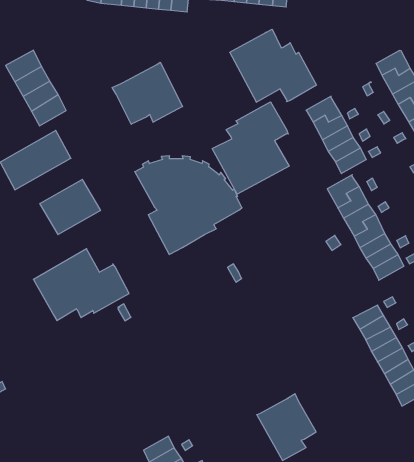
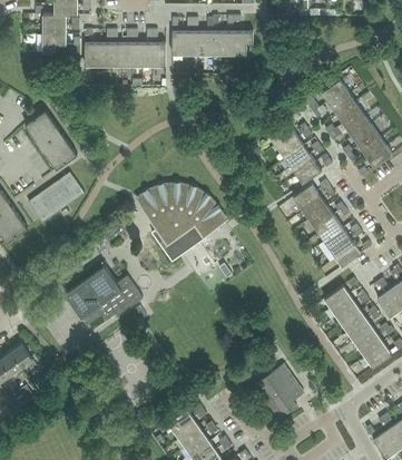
building: [230,29,316,102] -> none
building: [112,62,183,124] -> none
building: [212,102,289,194] -> none
building: [40,179,100,235] -> none

